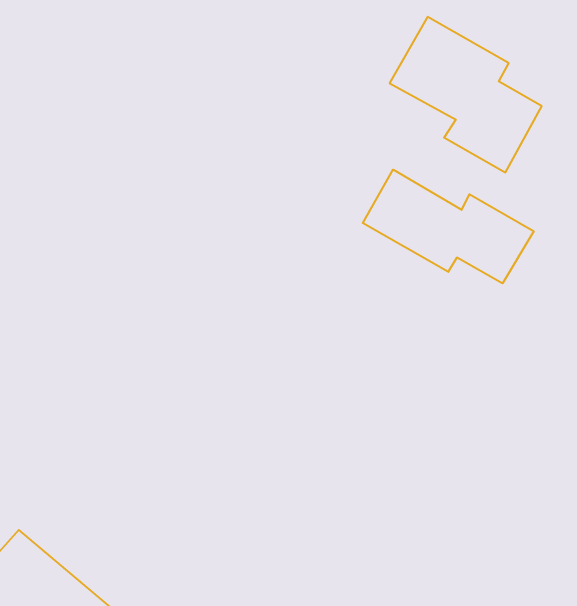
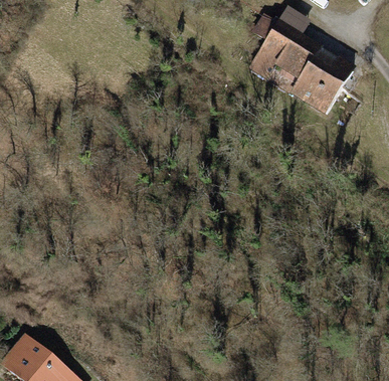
building: [363,170,534,283] -> none

